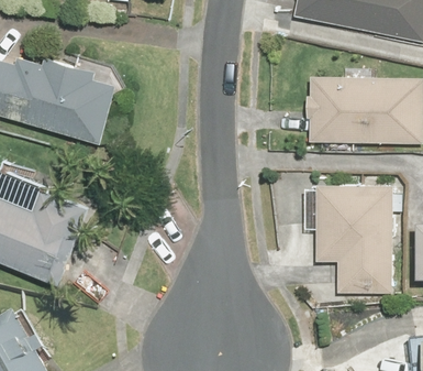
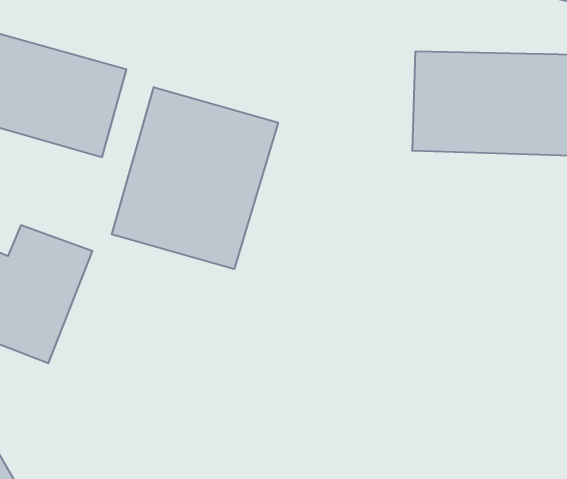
building: none -> [112,87,278,269]
building: [318,185,391,294] -> none

